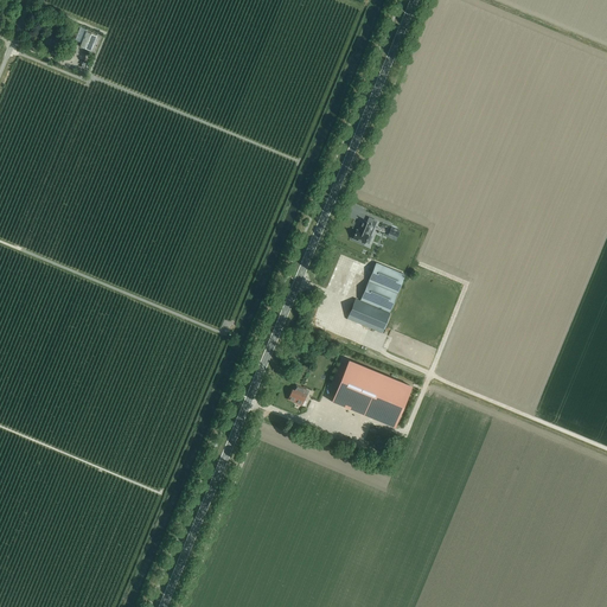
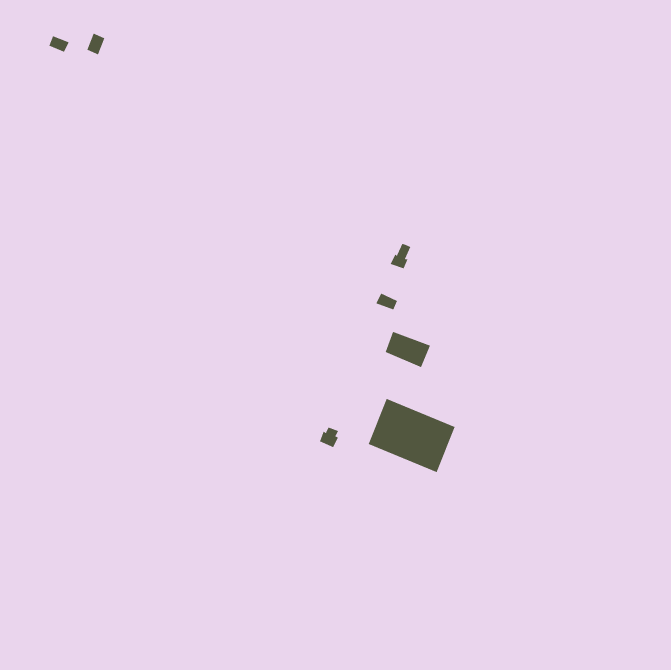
building: [360,262,405,311] -> none

